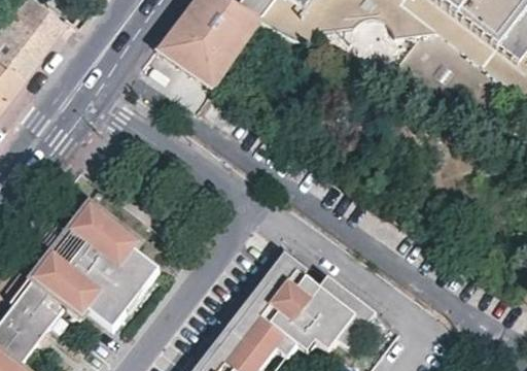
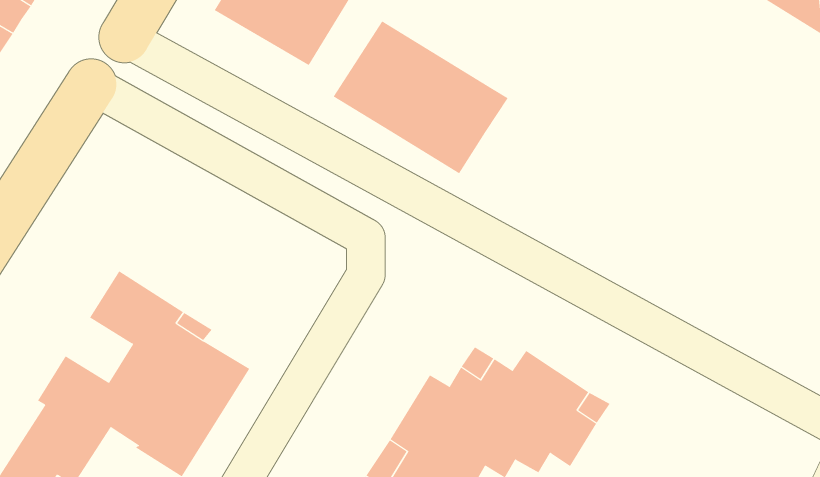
building: none -> [333,21,508,174]

